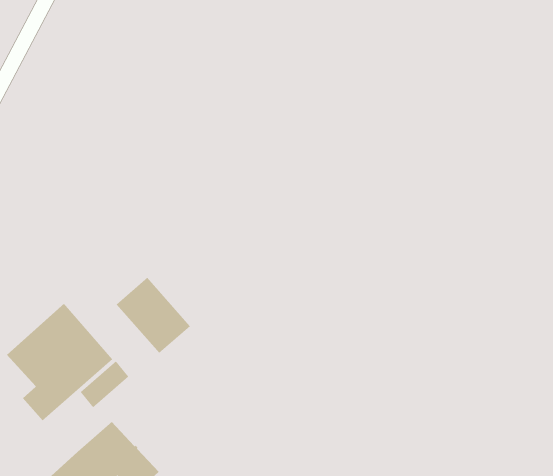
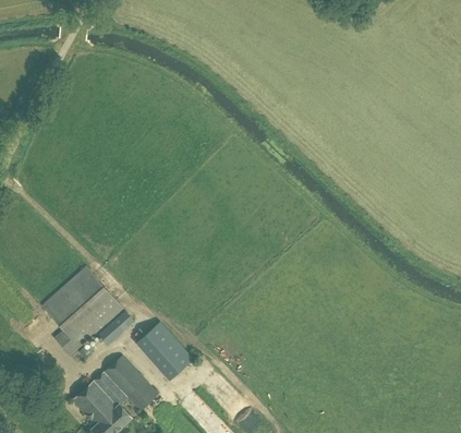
building: [116,277,191,354] -> [136,322,193,380]

